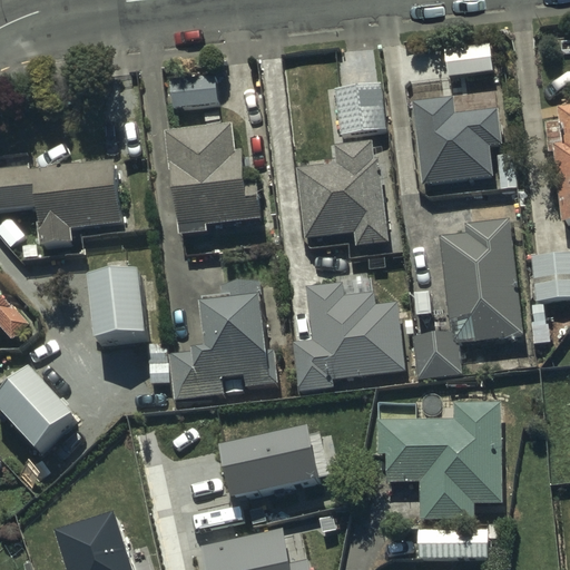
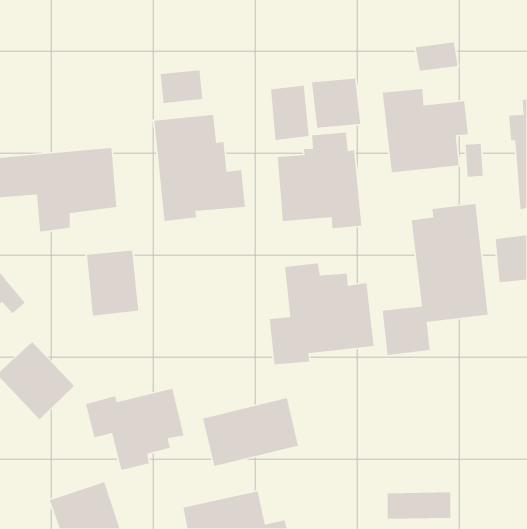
building: none -> [270,85,309,141]
building: [166,278,275,396] -> none
building: [374,400,500,518] -> none
building: none -> [85,388,184,471]

